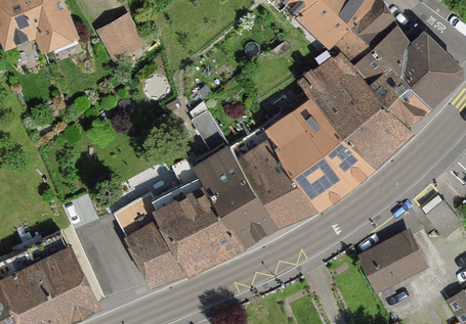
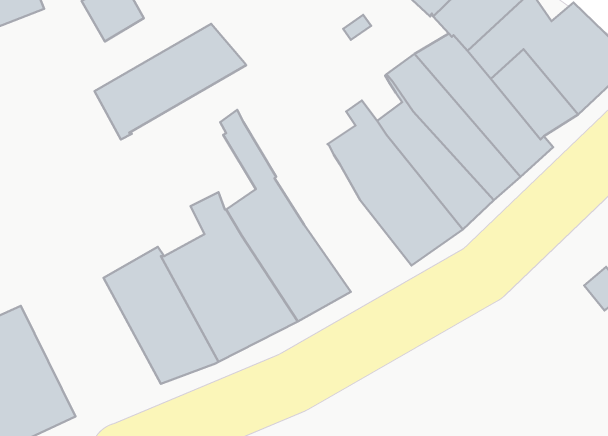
building: none -> [94,24,246,139]
building: [227,127,317,223] -> none
building: [358,233,425,290] -> none

